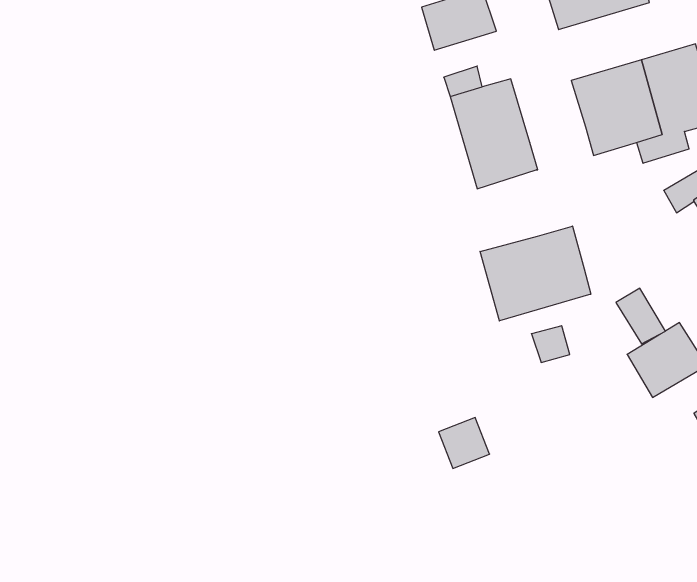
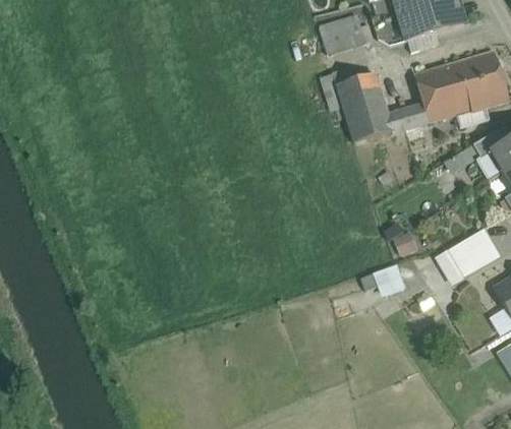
building: none -> [388,103,429,132]
building: [480,226,591,321] -> none
building: [616,288,665,344] -> [435,248,466,284]
building: [439,418,490,468] -> [373,263,405,296]

